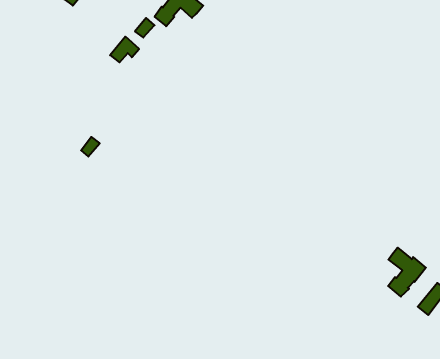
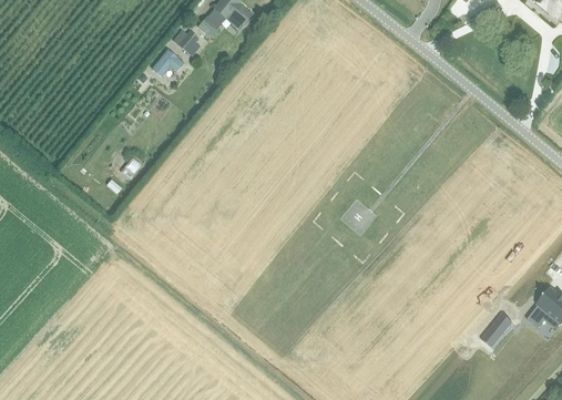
building: [388,248,426,297] -> none

